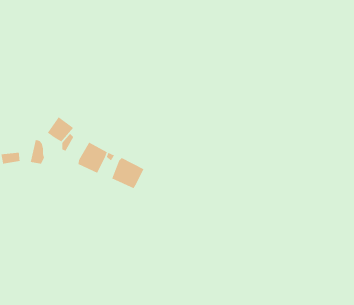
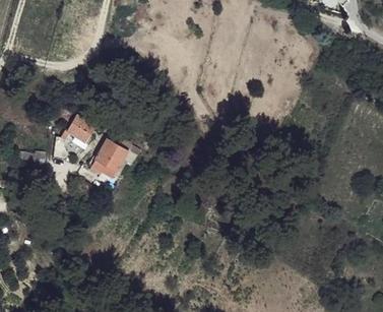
building: [111,157,145,189] -> none

